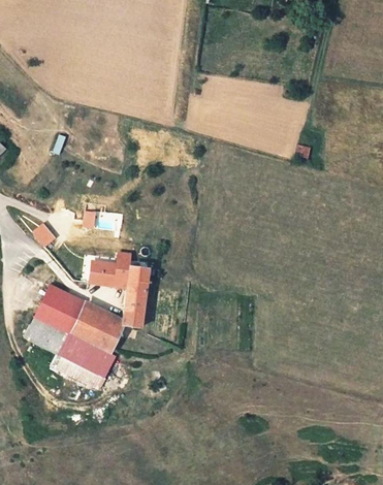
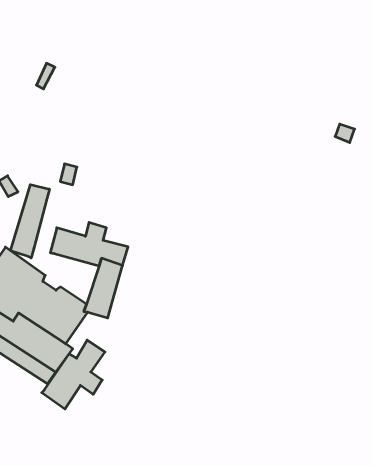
building: none -> [11,185,49,258]
building: none -> [42,340,105,409]

